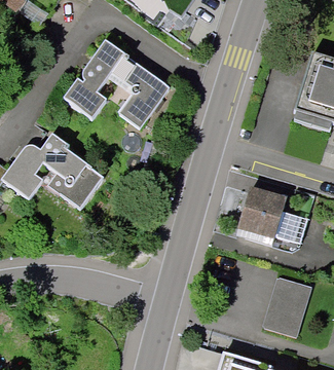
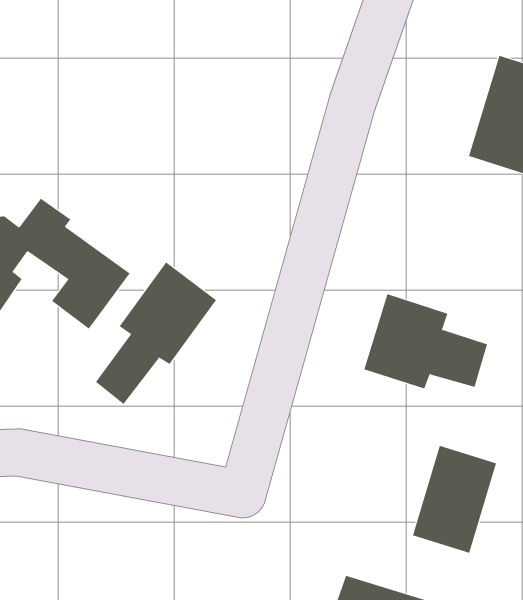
building: [63,41,170,127] -> none
building: none -> [95,261,217,405]

